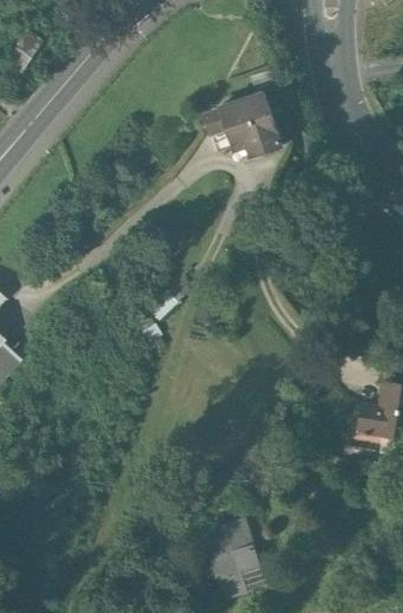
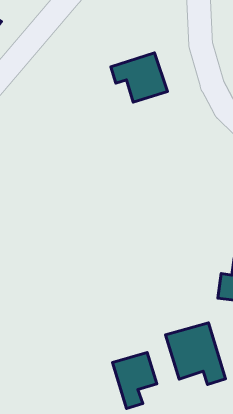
building: none -> [165,323,225,385]

